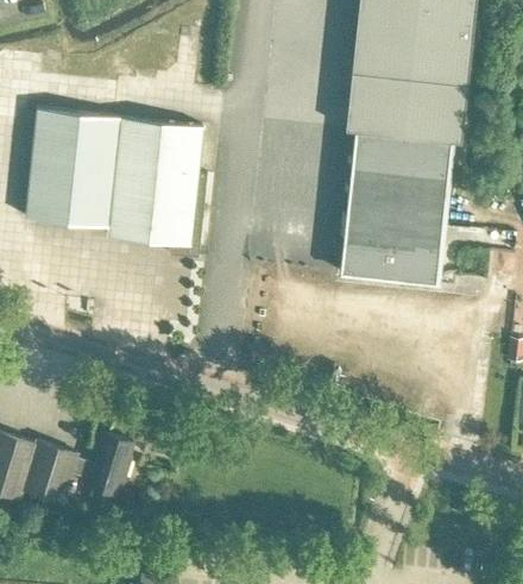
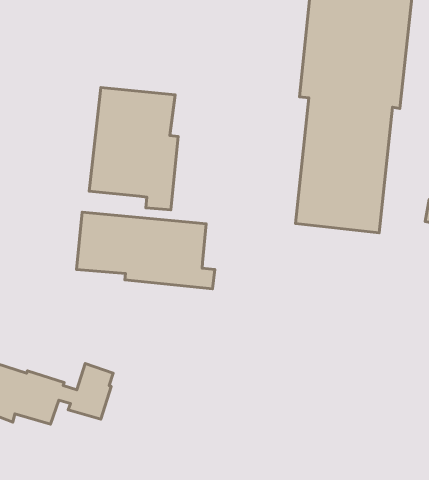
building: [26,109,120,227] -> none
building: none -> [76,212,215,289]

